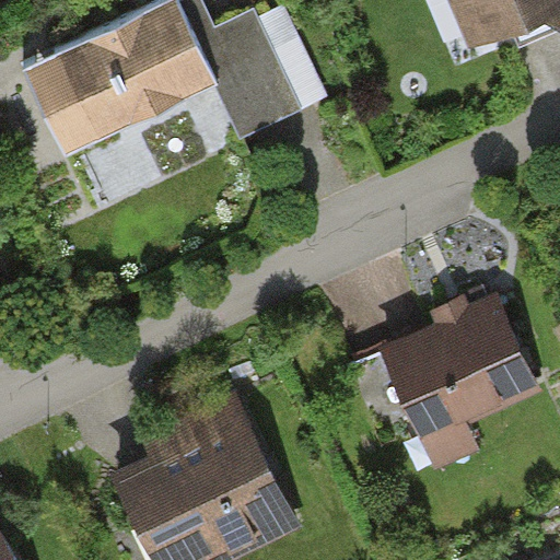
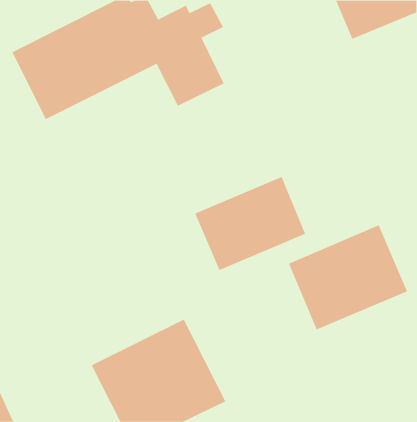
building: none -> [194,176,306,271]

